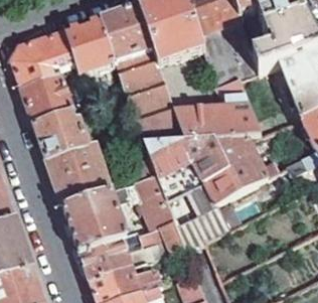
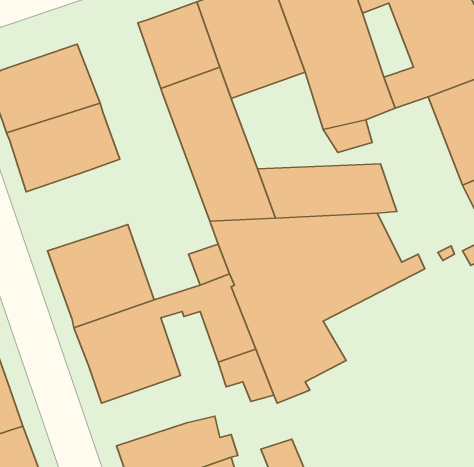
building: [64,17,117,72] -> none
building: [33,108,90,157] -> none
building: [80,229,146,277] -> none

